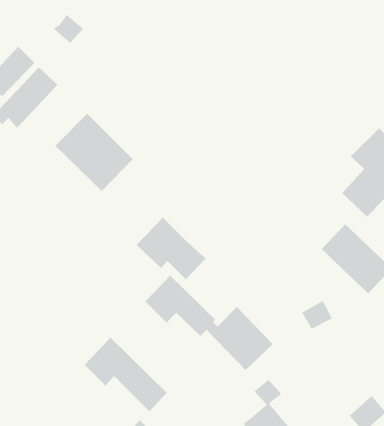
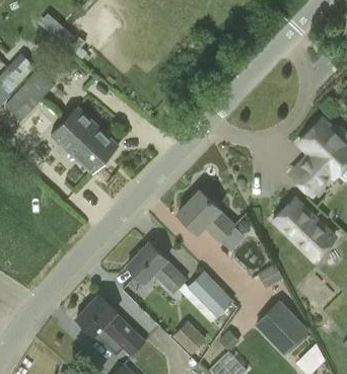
building: [136,217,206,280] -> [177,191,235,243]
building: none -> [253,299,308,356]
building: none -> [171,319,207,354]

